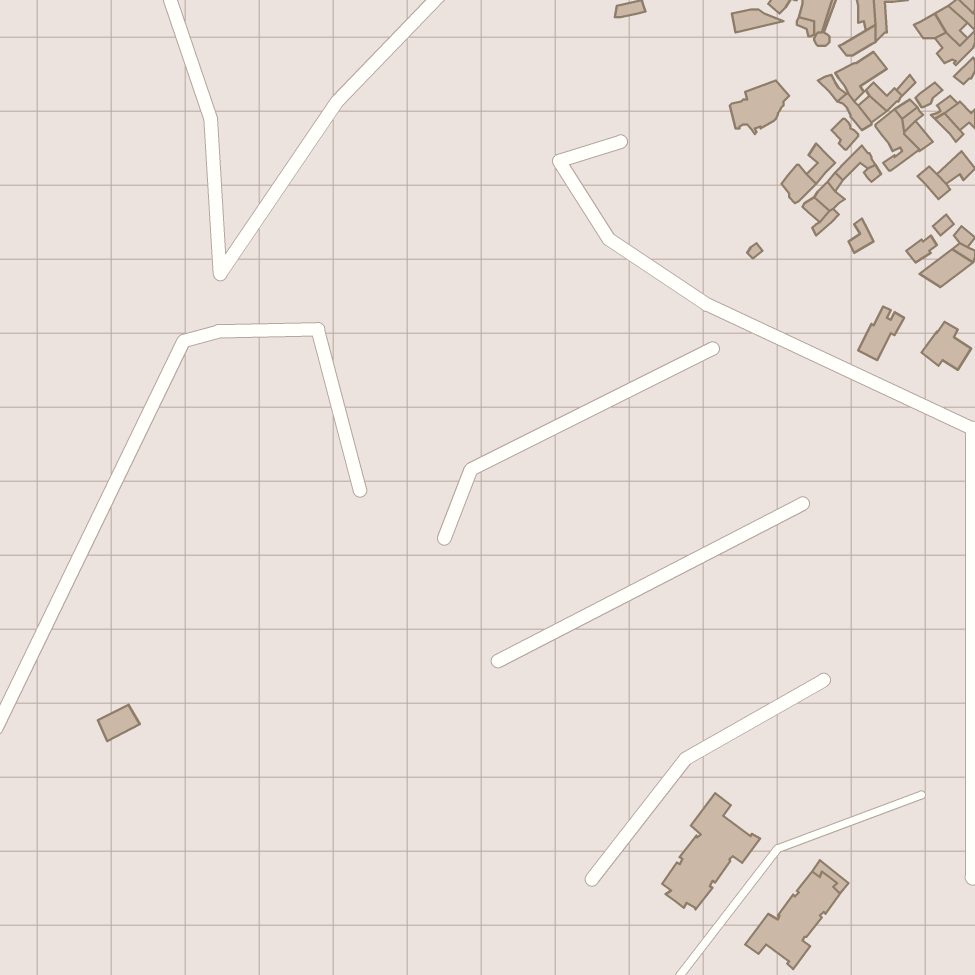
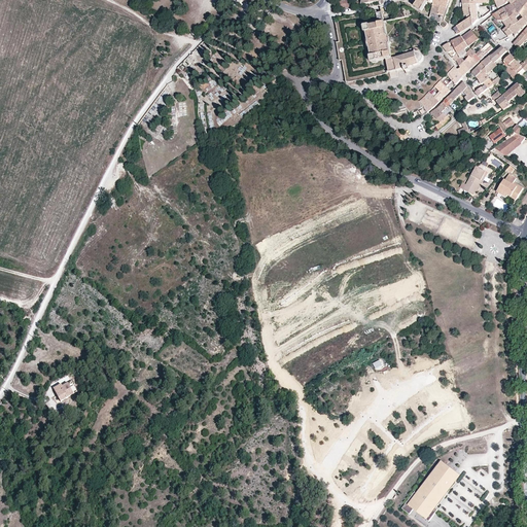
building: none -> [361,7,395,71]
building: [662,793,760,910] -> none

